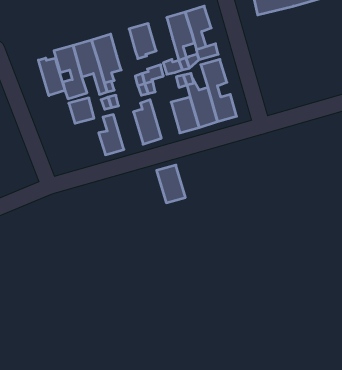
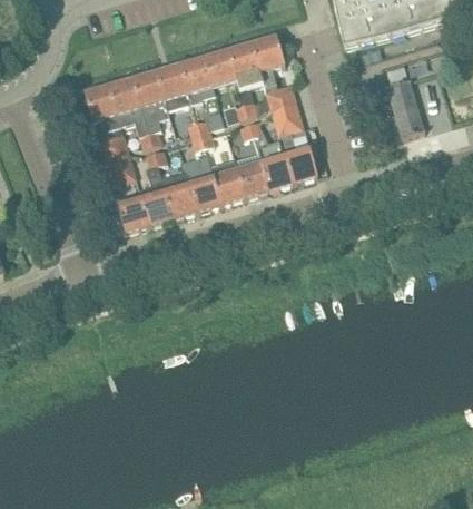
building: none -> [204,48,235,84]
building: none -> [156,62,187,97]
building: none -> [385,78,424,136]
building: [38,58,65,96] -> none
building: none -> [209,156,244,202]
building: none -> [116,195,149,231]
building: [157,165,185,203] -> [160,168,197,216]

